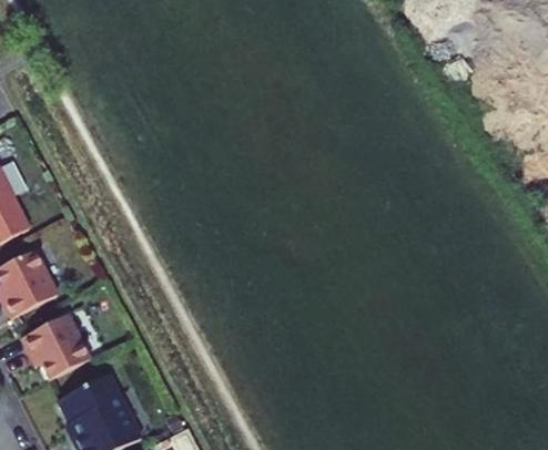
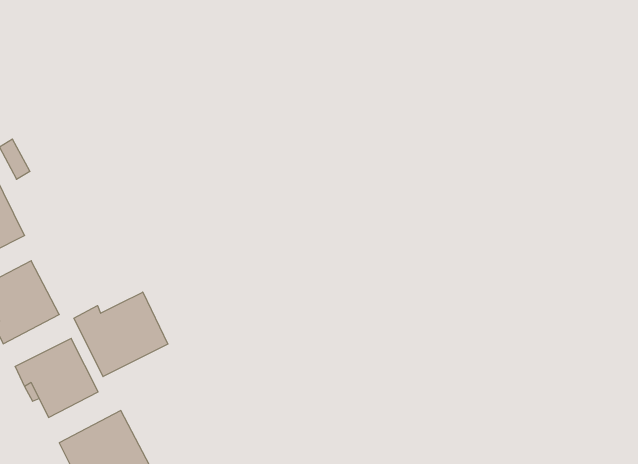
building: none -> [74,292,168,377]

